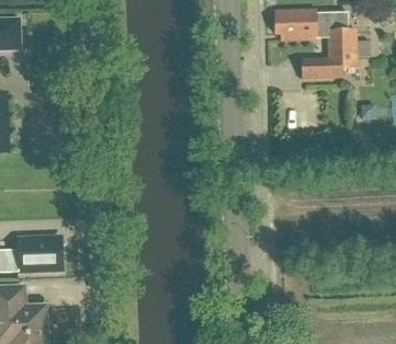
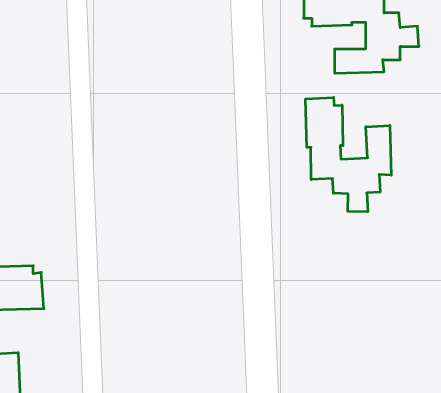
building: none -> [306,97,391,212]

